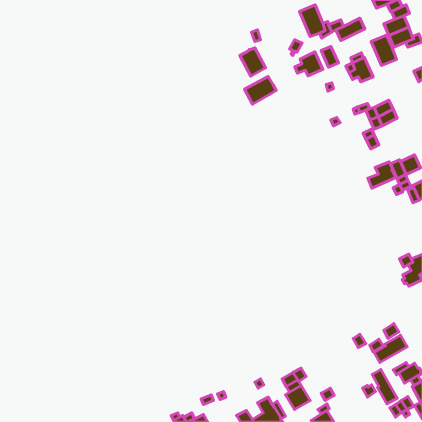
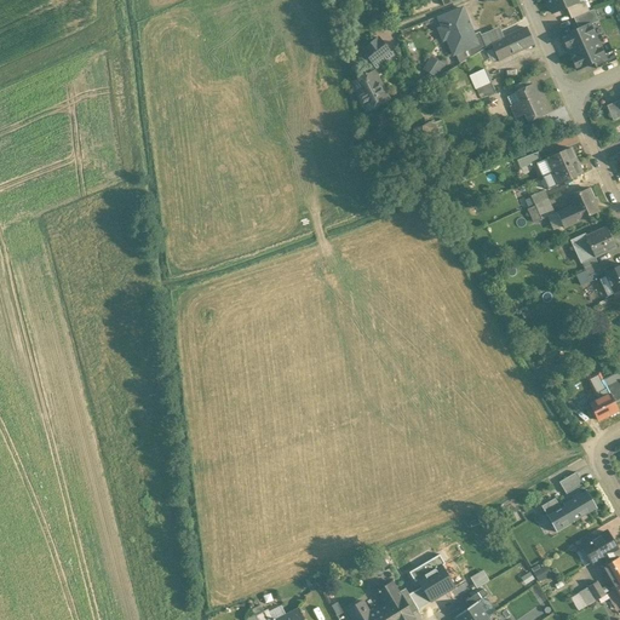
building: [371,35,397,66] -> none
building: [295,52,323,76] -> none
building: [244,77,276,104] -> none
building: [368,162,396,188] -> [558,188,599,226]
building: [372,370,397,404] -> none

